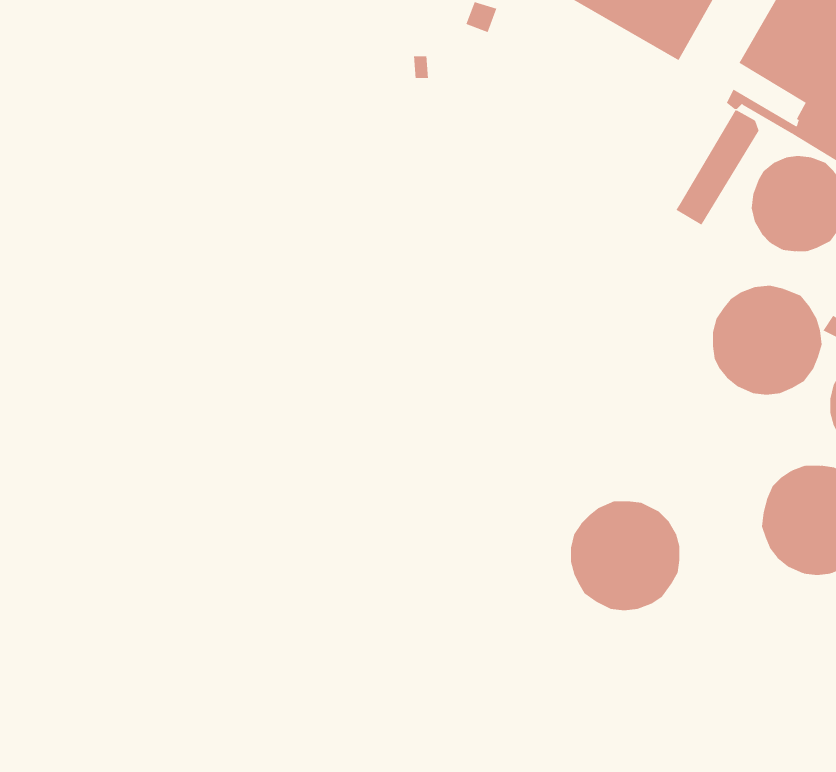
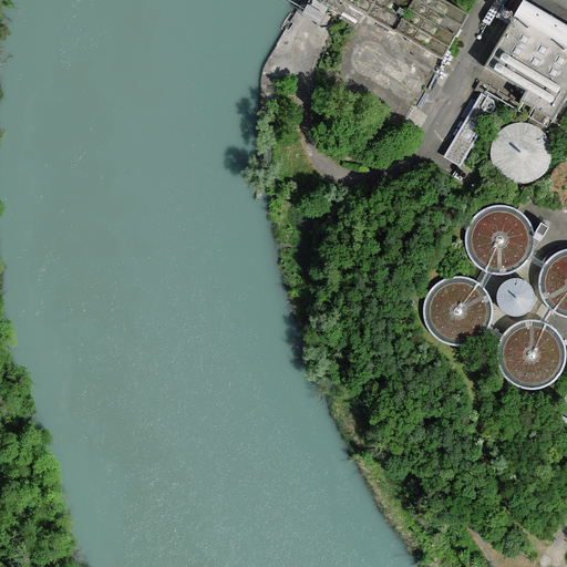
building: none -> [497,276,536,313]
building: [570,501,680,611] -> [424,275,494,344]

